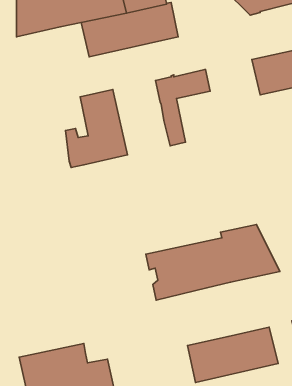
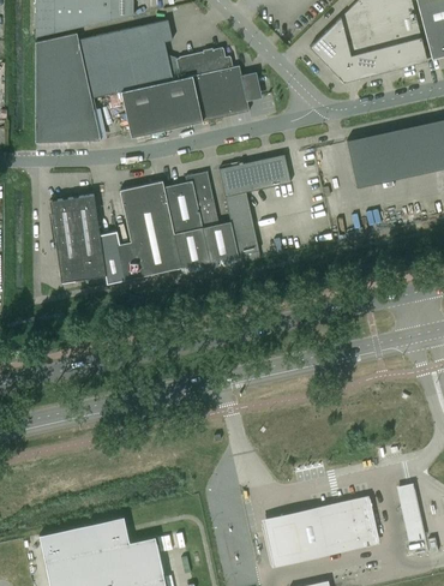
building: none -> [35,97,100,142]
building: none -> [163,171,238,267]
building: none -> [49,195,104,282]
building: [146,224,280,300] -> none

